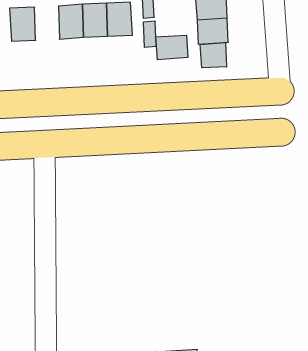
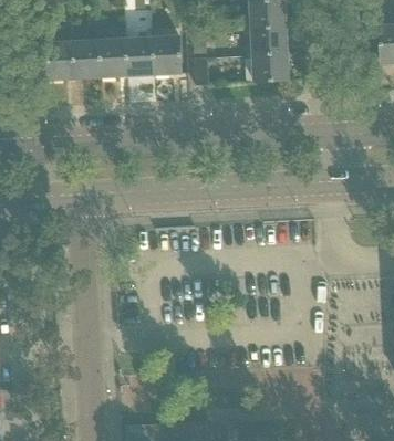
building: none -> [73,40,101,77]
building: [156,35,188,60] -> none
building: [200,42,226,68] -> none

